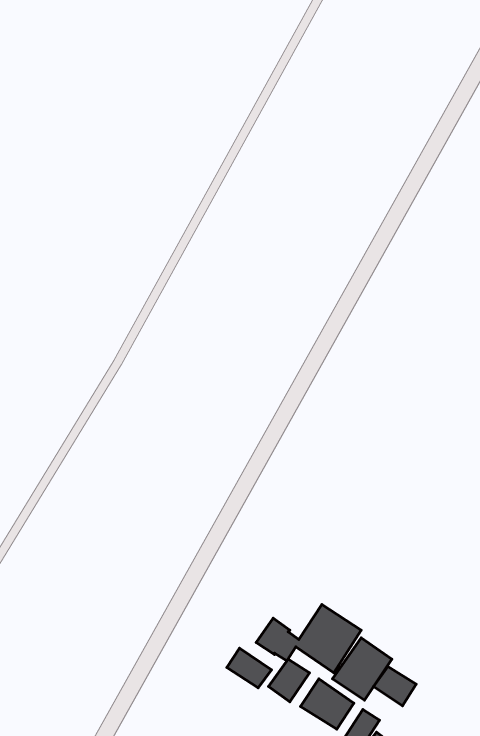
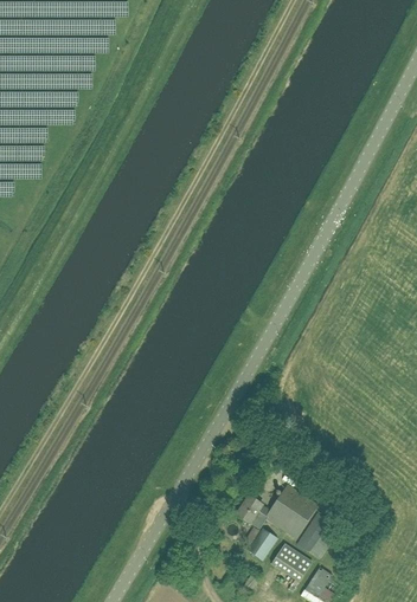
building: [227,648,271,688] -> none
building: [374,666,416,706] -> none

